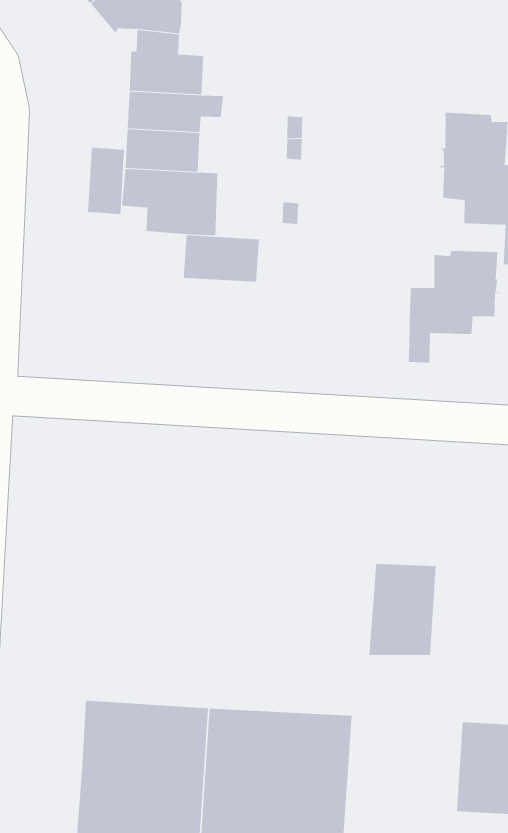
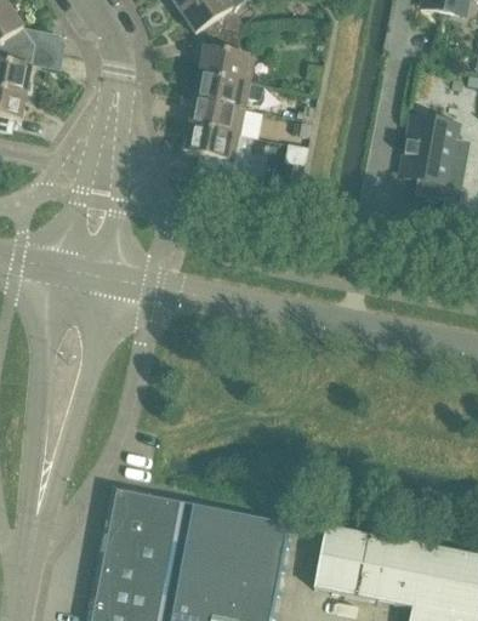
building: [88,147,125,215] -> none
building: [183,235,259,282] -> none
building: [408,250,501,364] -> none
building: [368,563,436,656] -> [314,528,369,596]

